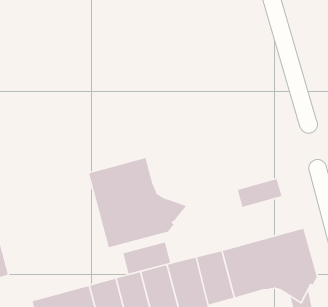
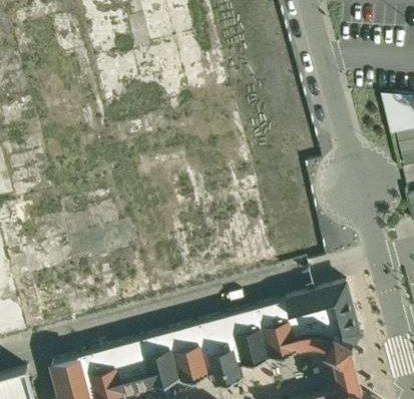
building: [88,157,187,248] -> none
building: [237,178,282,208] -> none
building: [122,241,171,275] -> none

